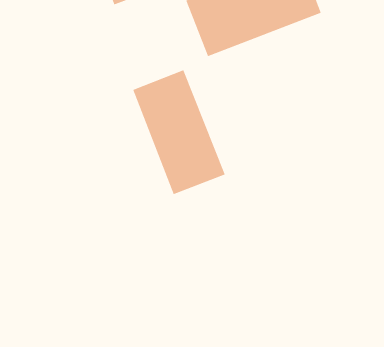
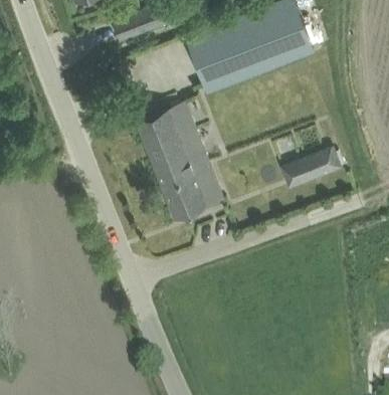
building: none -> [281,148,341,188]

